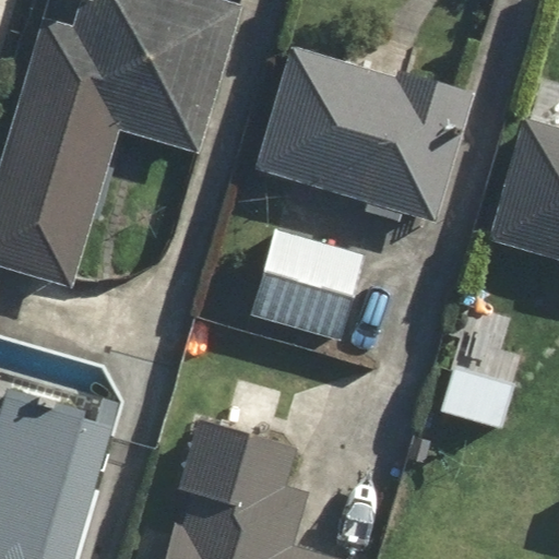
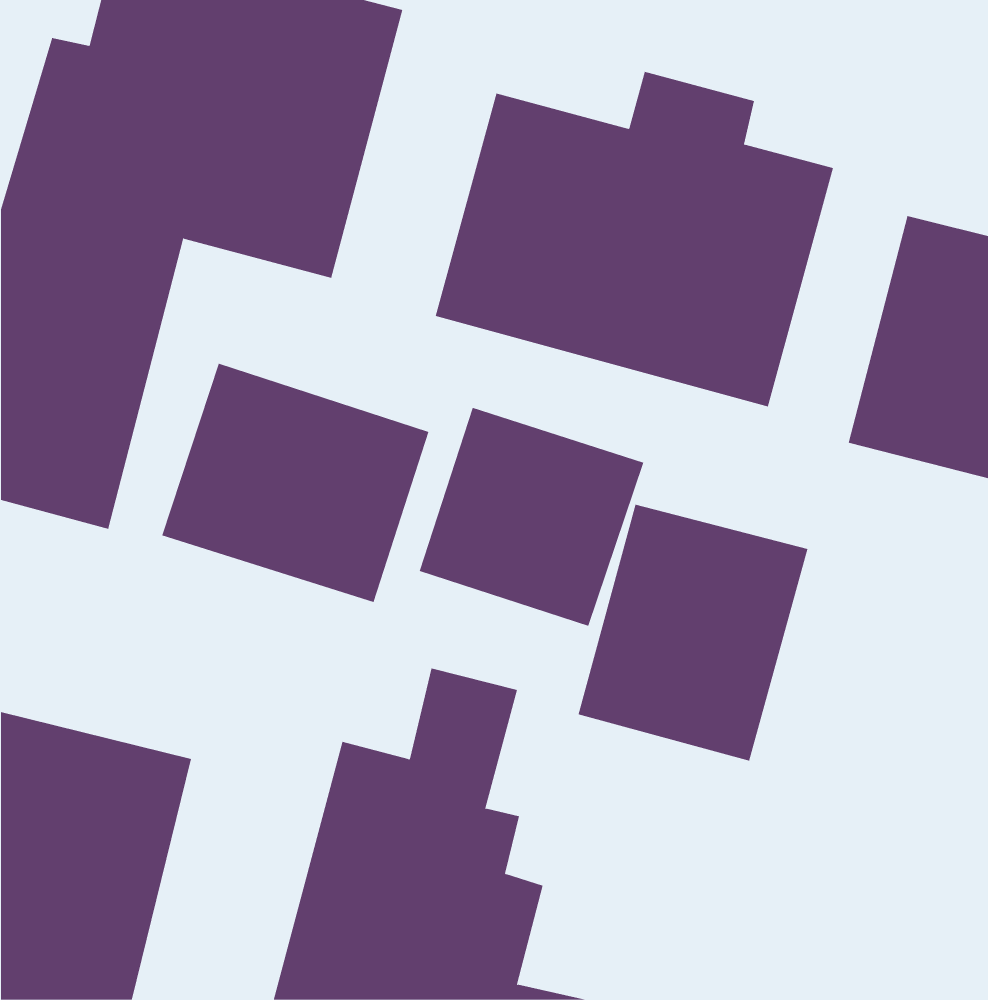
building: none -> [162,363,429,603]
building: none -> [578,504,808,762]

